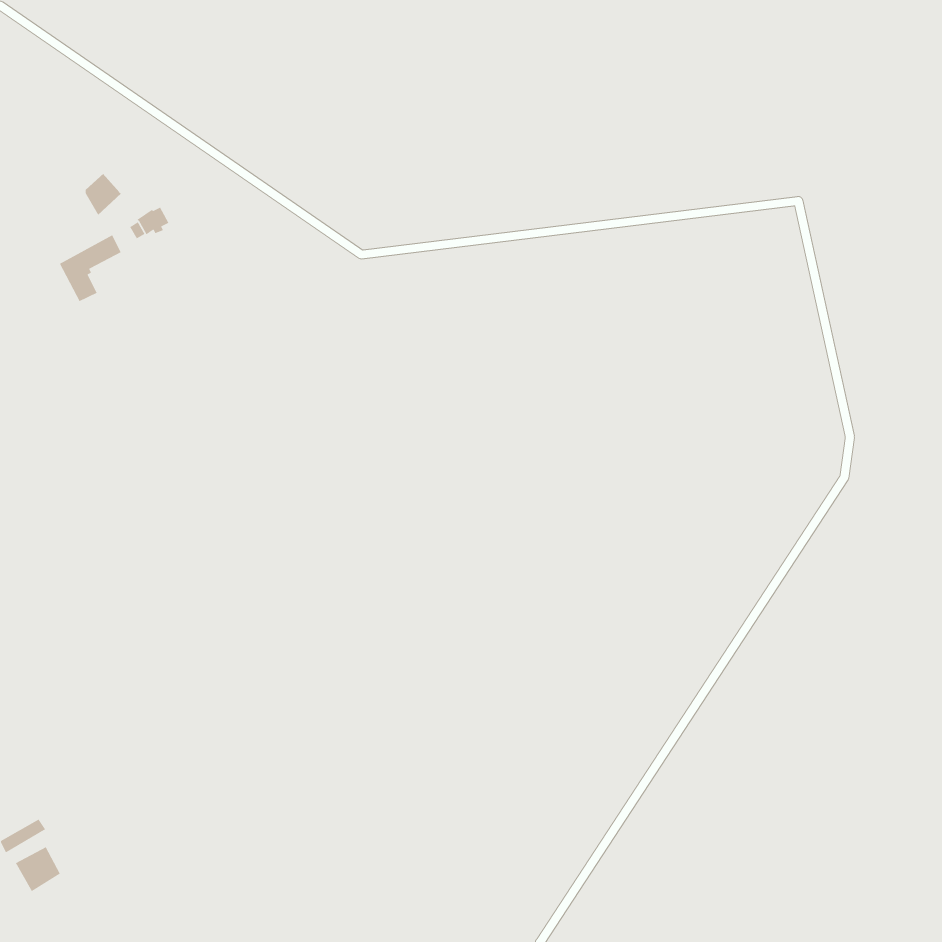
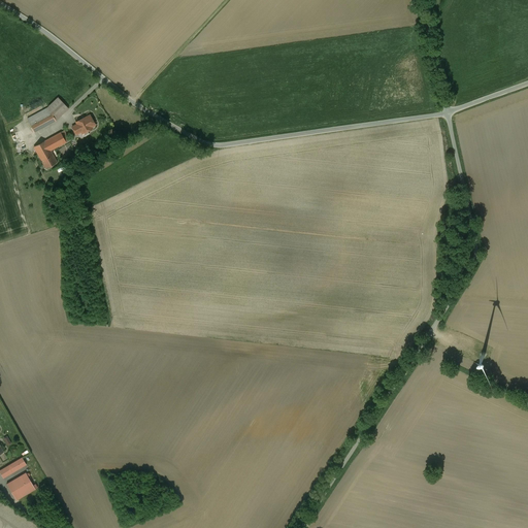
building: none -> [26,108,55,133]

